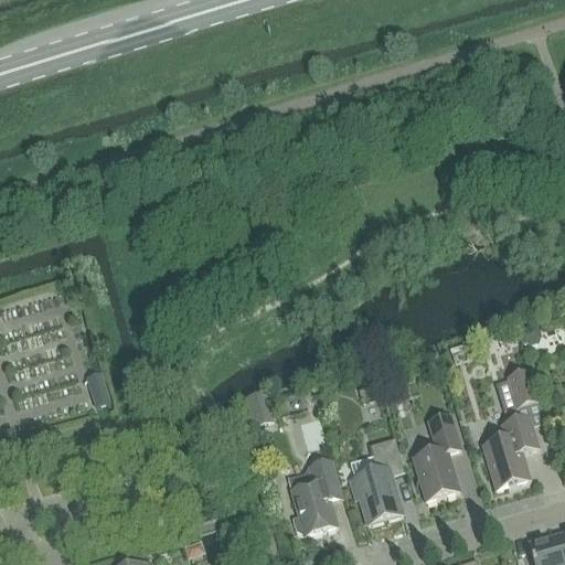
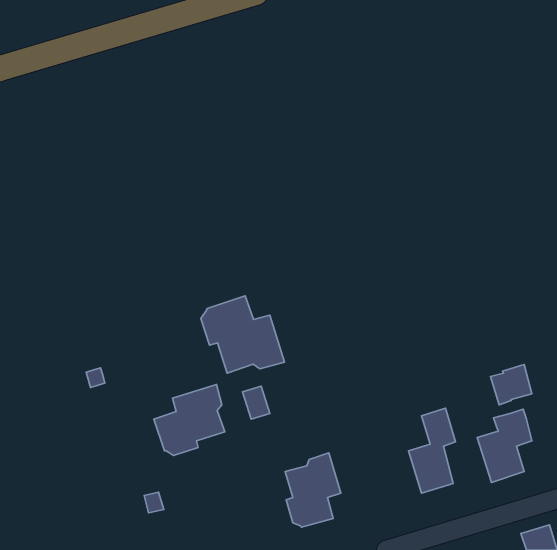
building: none -> [201,296,284,373]
building: none -> [154,385,225,455]
building: [350,436,404,522] -> none

